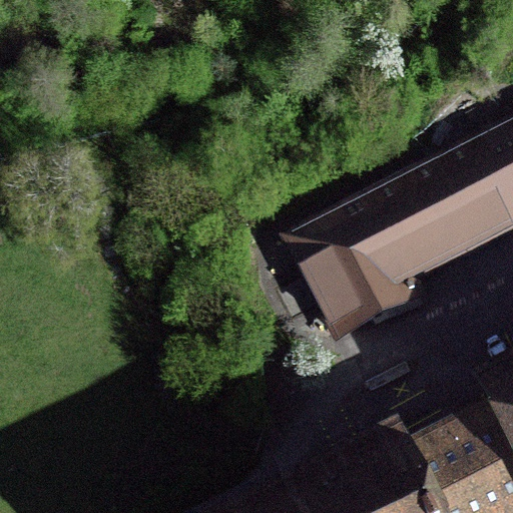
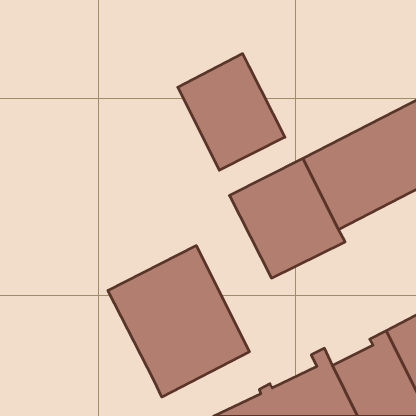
building: none -> [178,54,285,170]
building: none -> [108,246,249,397]

